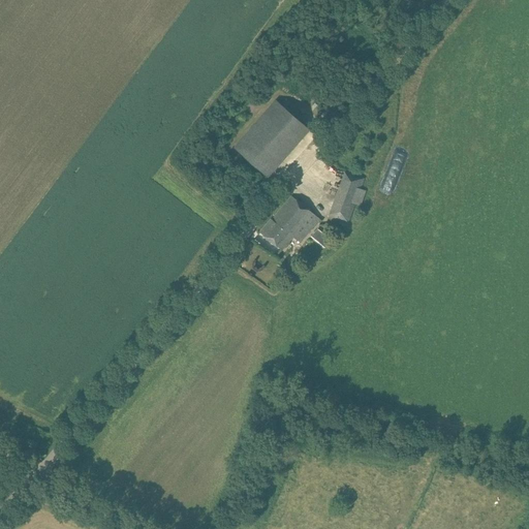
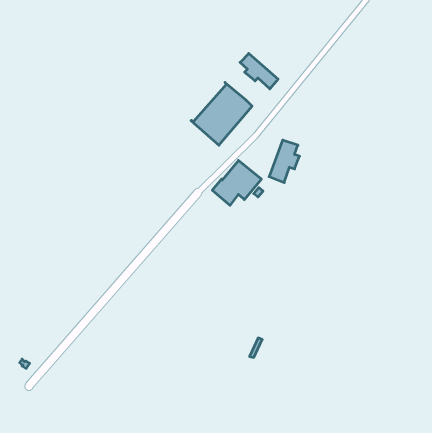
building: none -> [240,53,278,89]

